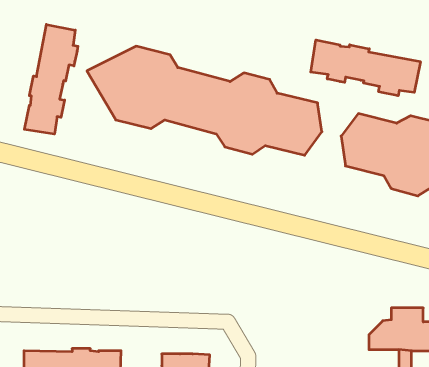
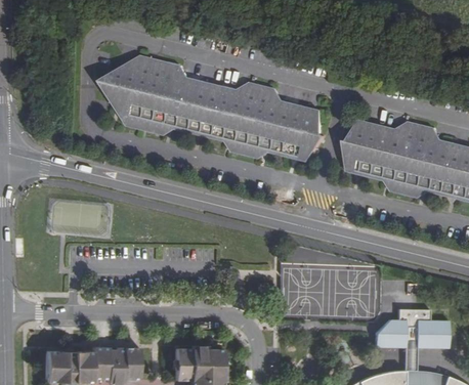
building: [24,24,78,134] -> none
building: [311,40,420,96] -> none

